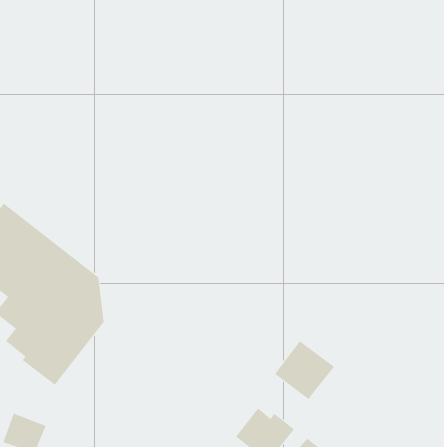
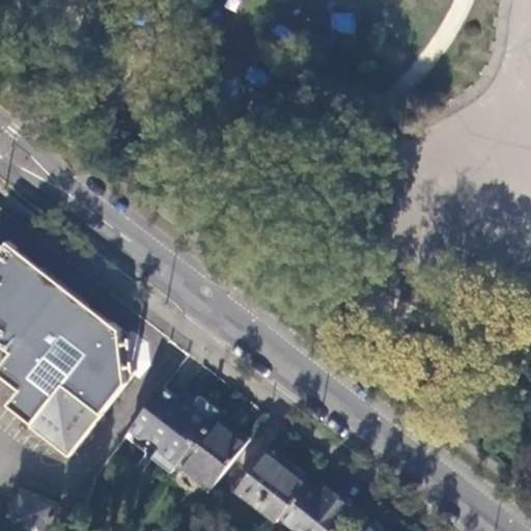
building: none -> [125,388,242,493]
building: [274,340,335,400] -> [233,452,305,523]

